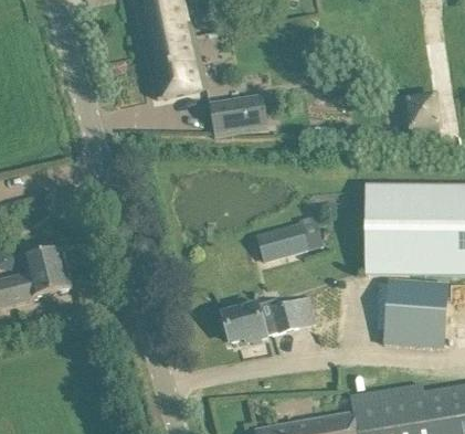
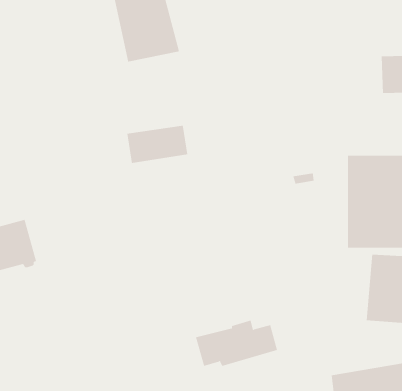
building: [210,95,268,131] -> [127,125,188,164]
building: [258,222,308,260] -> none
building: [223,296,302,340] -> [195,320,278,366]

